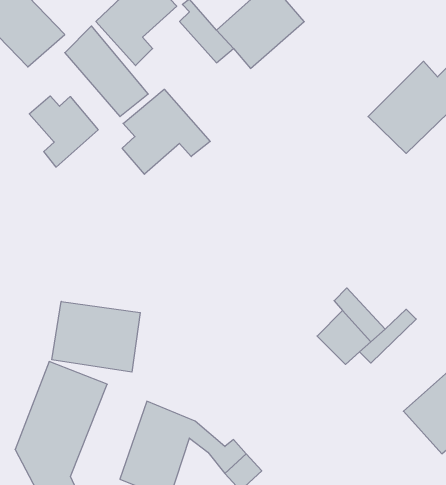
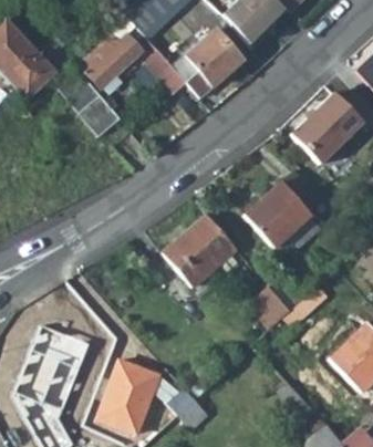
building: [122,89,210,174] -> none
building: [29,96,98,167] -> none
building: none -> [244,170,321,249]
building: none -> [164,215,238,287]
building: [52,301,140,372] -> none

